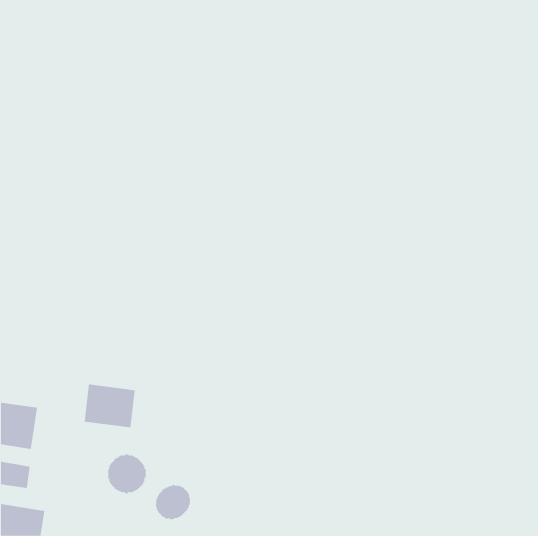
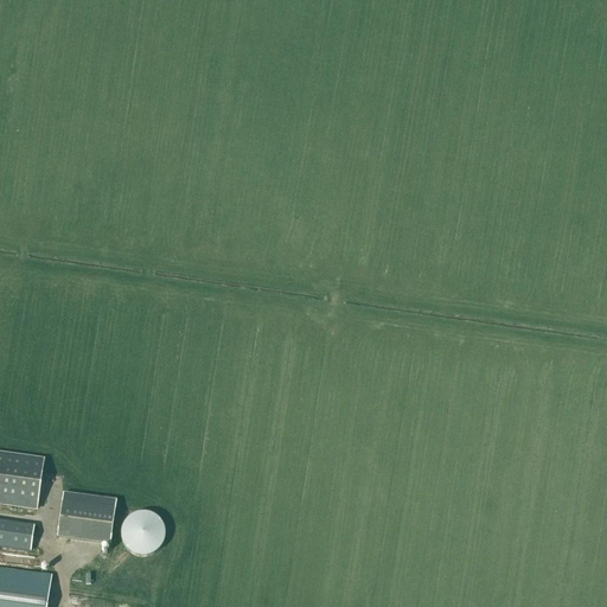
building: [84,384,135,428] -> [57,491,115,541]
building: [155,484,191,520] -> none

